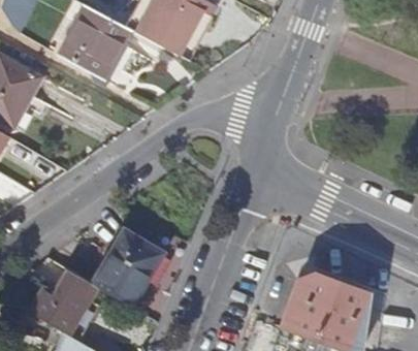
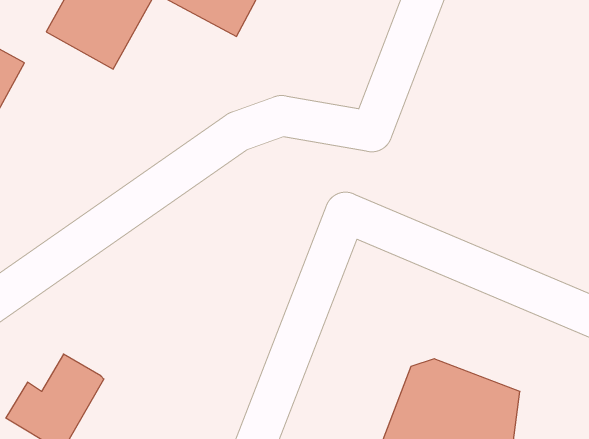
building: [94,231,163,307] -> none

